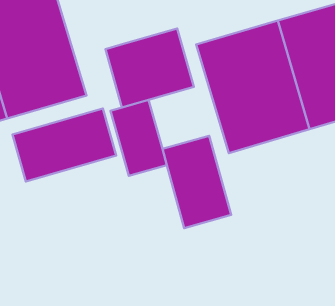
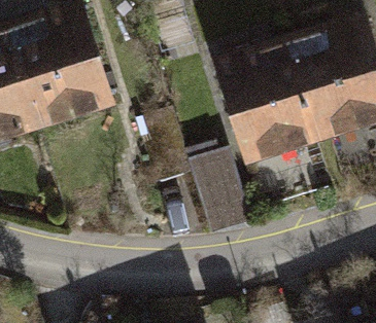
building: [105,28,194,107] -> none
building: [13,109,116,182] -> none

